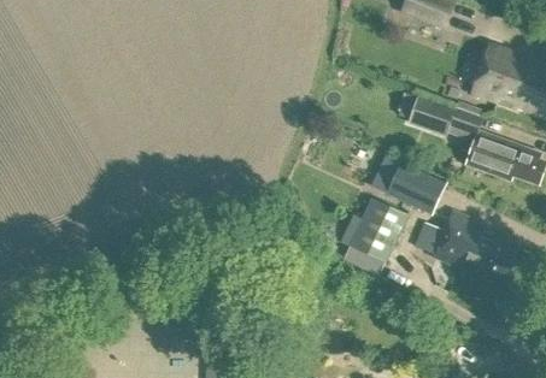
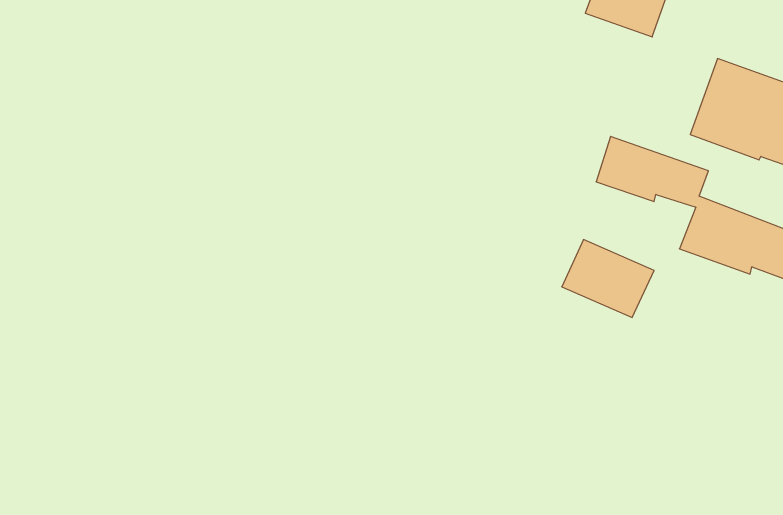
building: [347,196,406,262] -> none
building: [412,211,517,277] -> none

